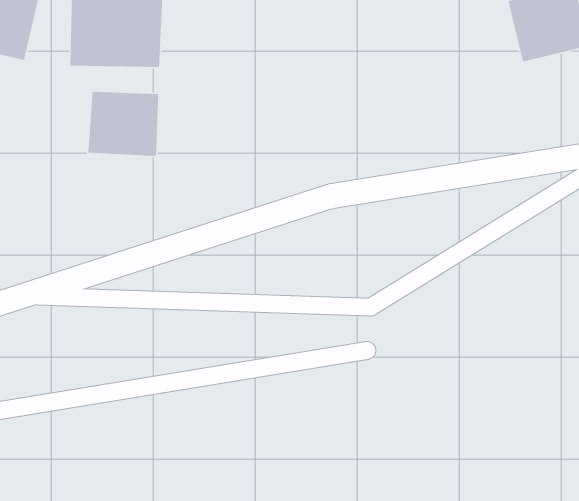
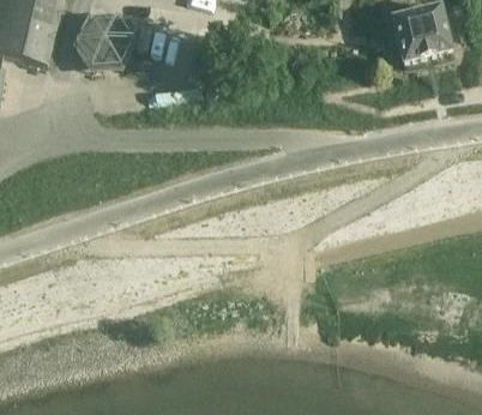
building: [88,91,159,157] -> none

